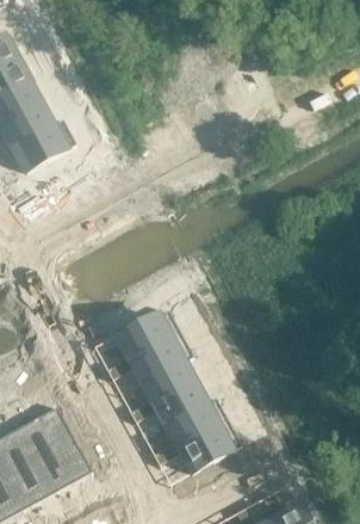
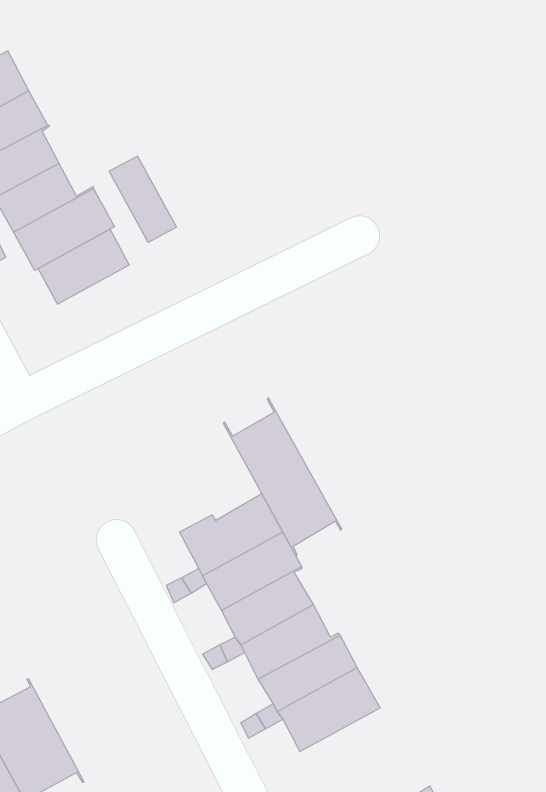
building: none -> [109,156,177,242]
building: none -> [38,229,129,304]
building: none -> [224,398,342,556]
building: [20,406,91,491] -> none

